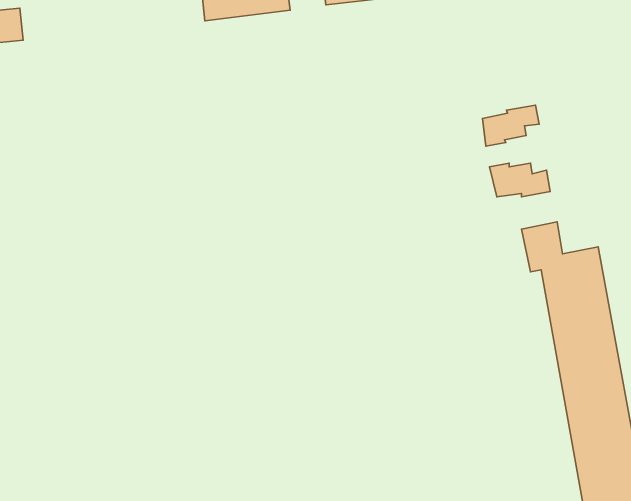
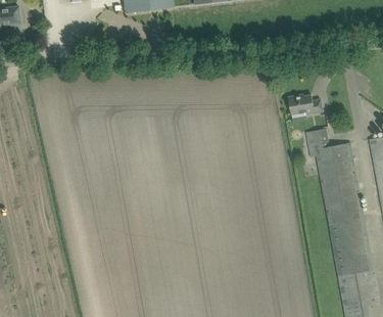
building: [482,105,539,146] -> none

